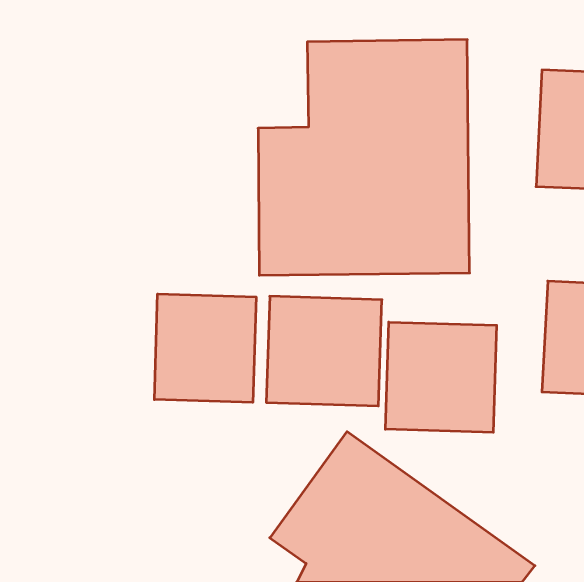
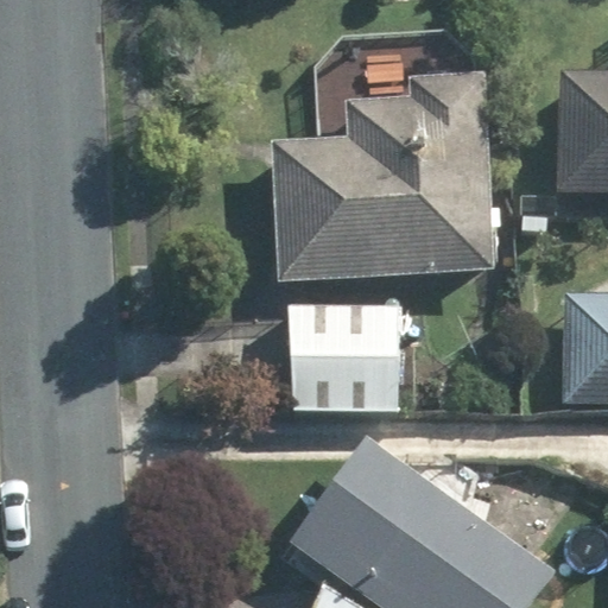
building: [154,294,256,402] -> none
building: [385,322,497,432] -> none

